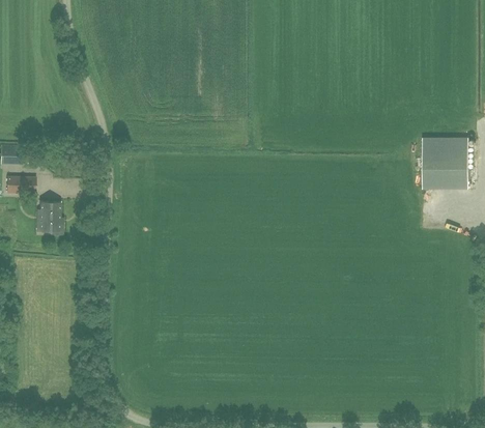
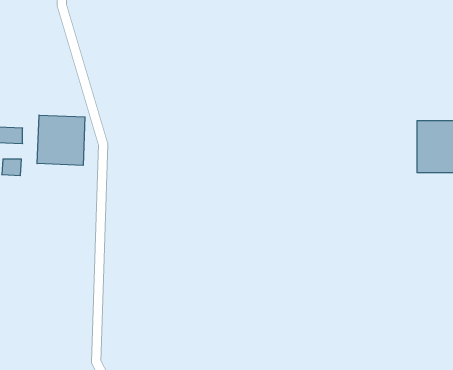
building: none -> [37,115,85,165]
building: [37,202,63,233] -> none

